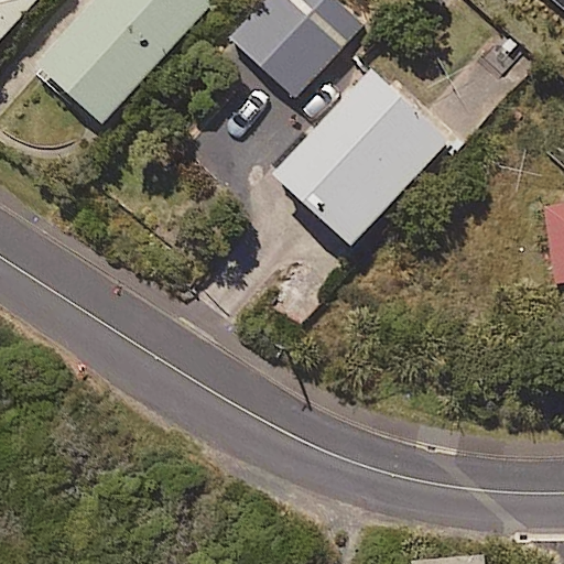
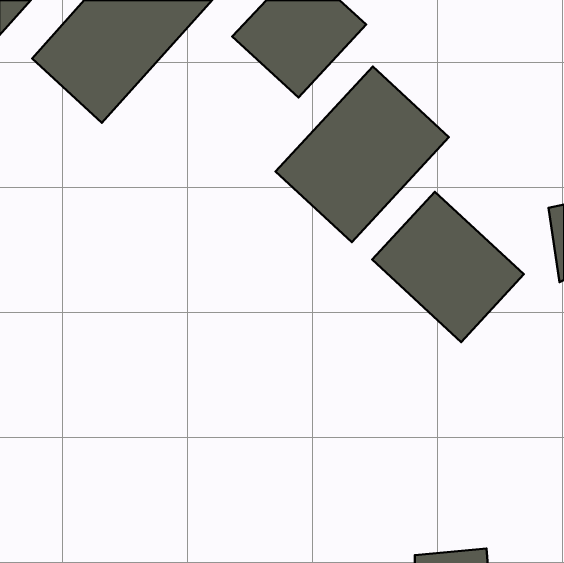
building: none -> [372,192,524,342]

